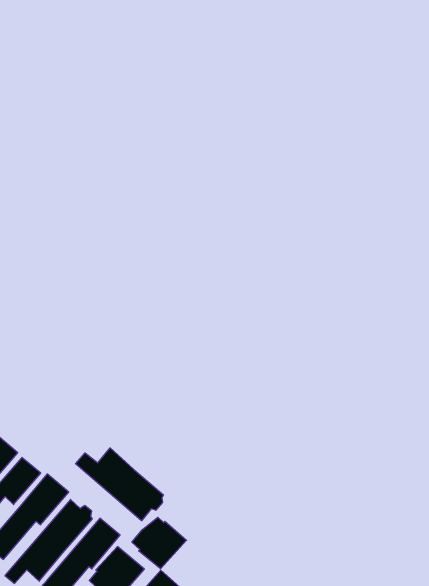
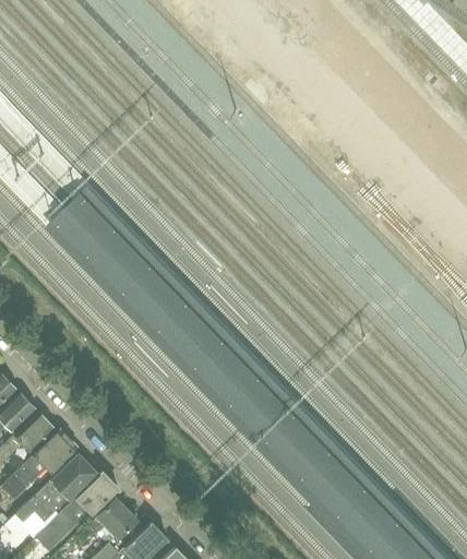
building: [76,448,163,521] -> none
building: [132,517,187,569] -> none

